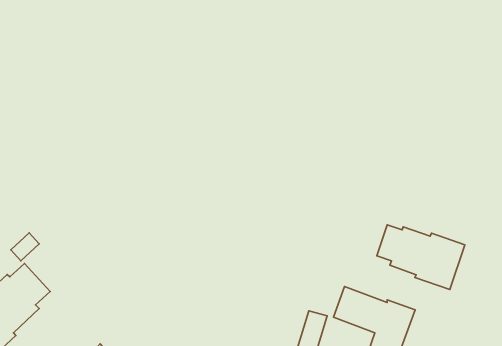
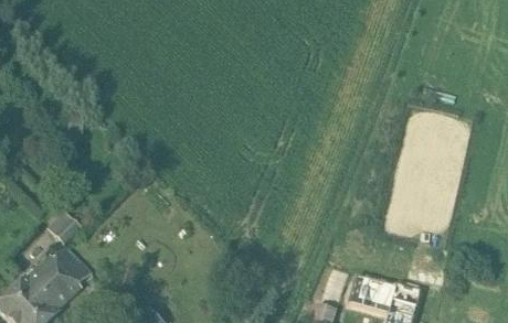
building: [377,225,465,290] -> none

